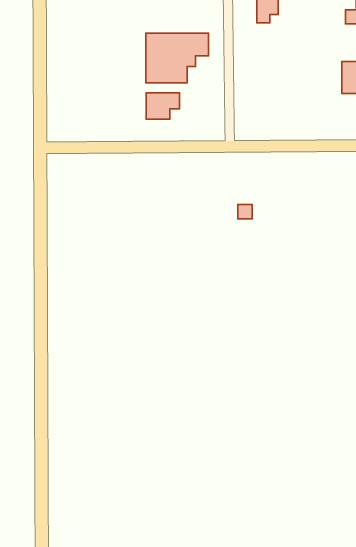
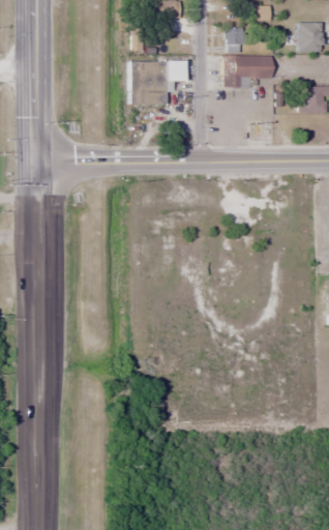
building: none -> [222,55,270,86]
building: [146,93,180,119] -> none

